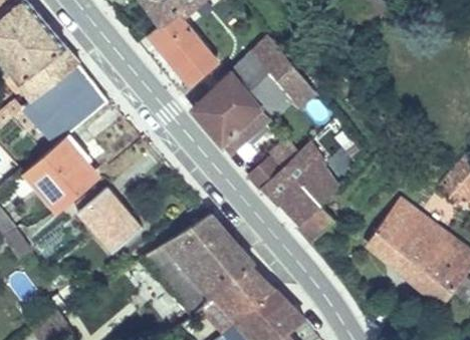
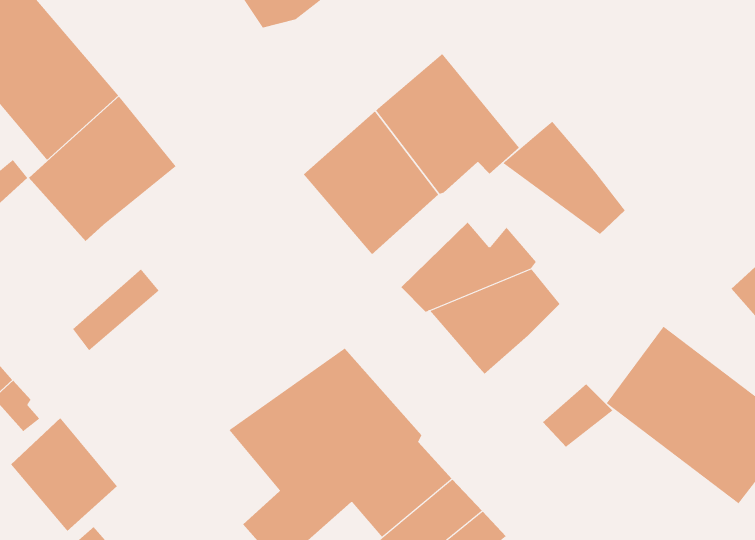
building: [143,16,220,88] -> none
building: none -> [502,121,625,235]
building: [25,138,89,201] -> none
building: [79,190,144,258] -> [10,417,118,532]
building: [294,205,336,243] -> [542,384,613,447]

